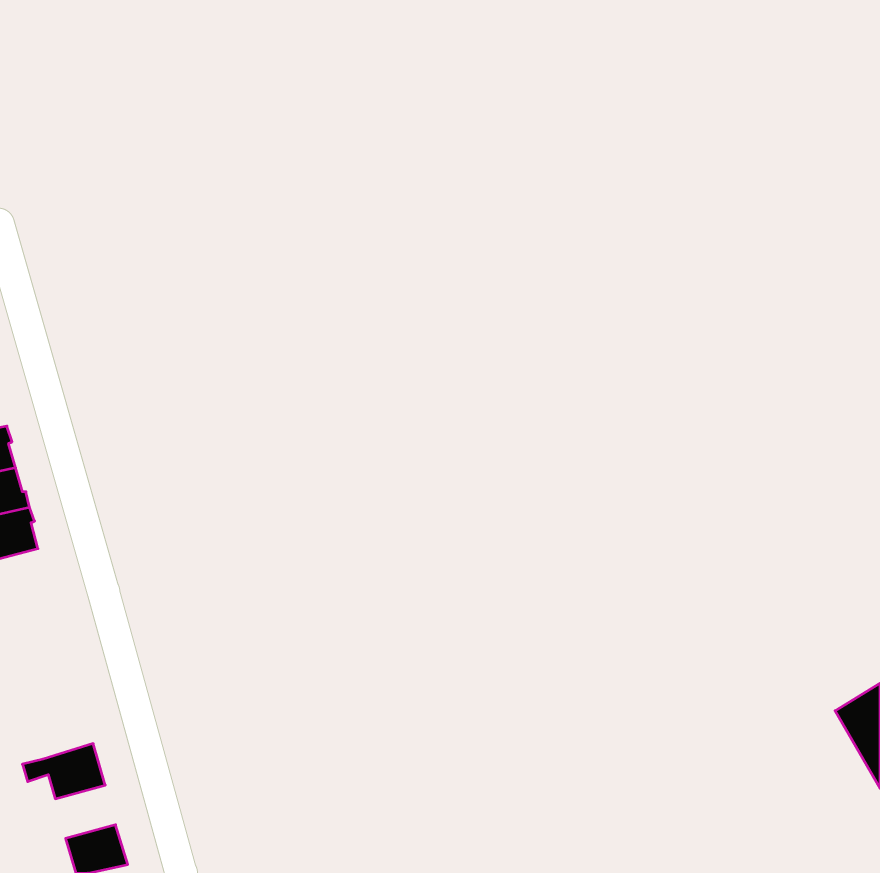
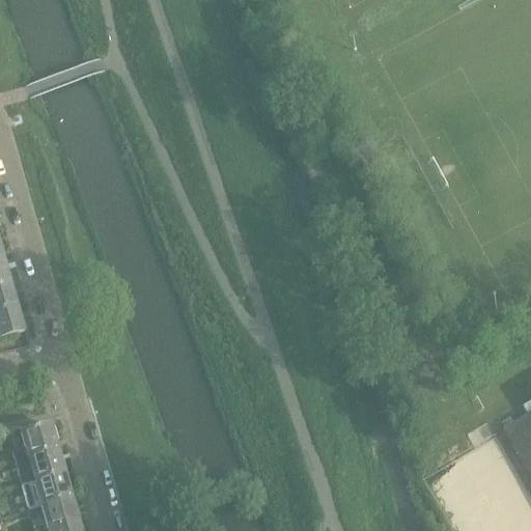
building: none -> [10,423,56,459]
building: none -> [20,472,69,507]

